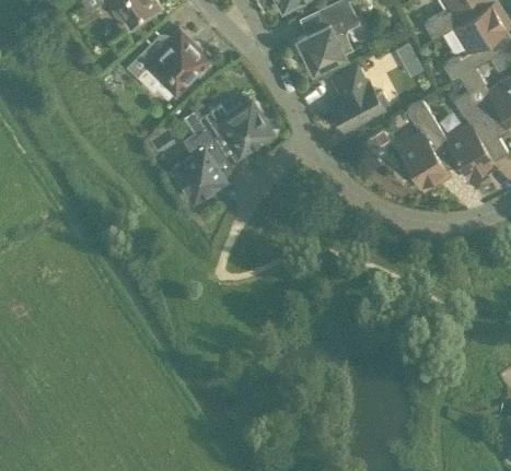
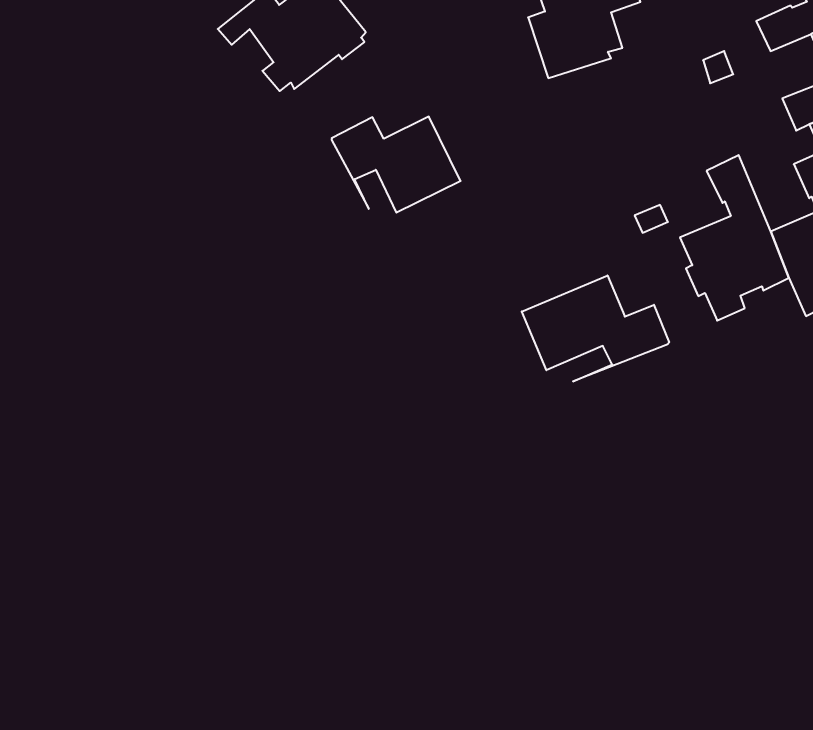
building: [330,66,388,129] -> none
building: [173,119,224,200] -> none
building: none -> [522,275,669,381]

